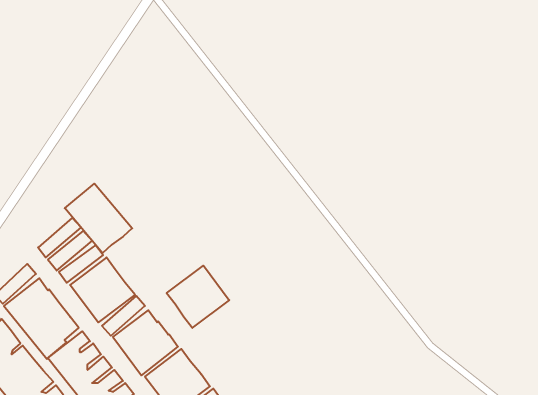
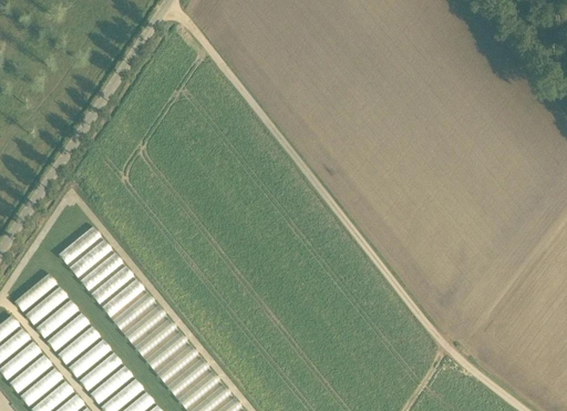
building: [65,184,132,253] -> none
building: [167,266,229,328] -> none

